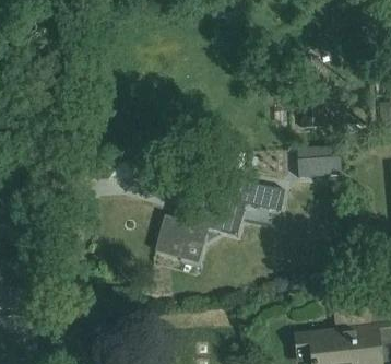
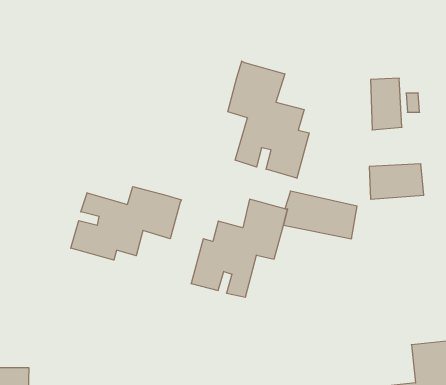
building: none -> [228,61,309,178]
building: none -> [71,187,181,260]

